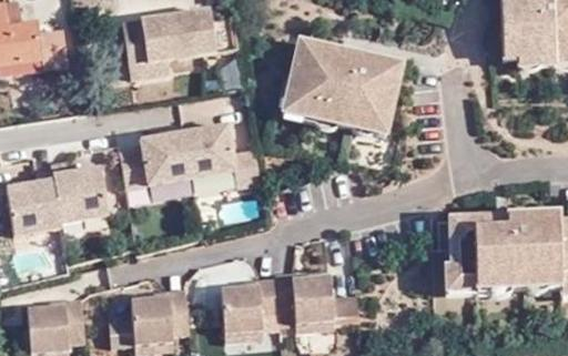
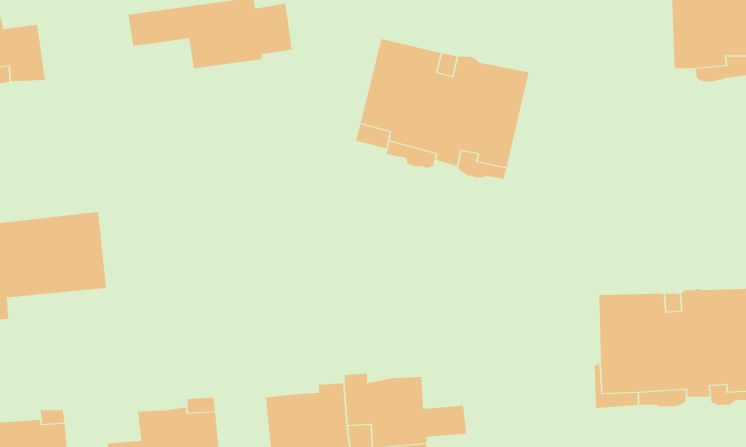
building: [128,41,172,81] -> none
building: [122,114,257,196] -> none

